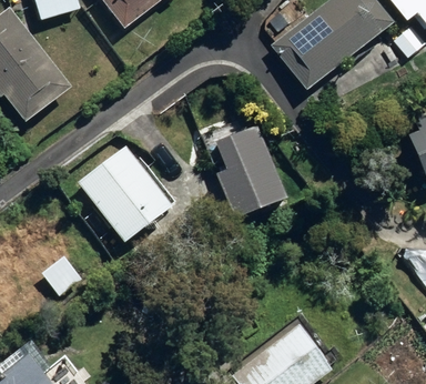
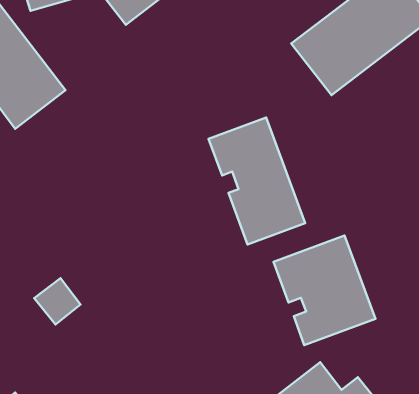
building: [74,144,171,245] -> none
building: none -> [273,235,375,345]

